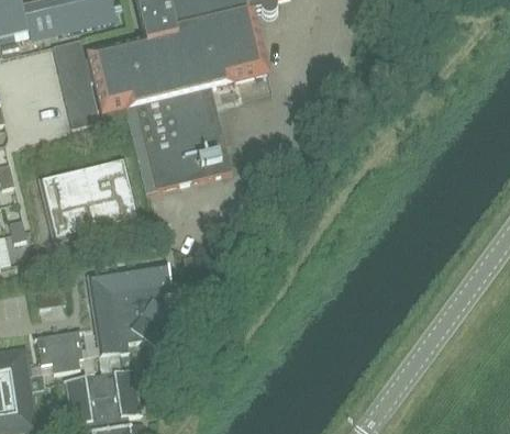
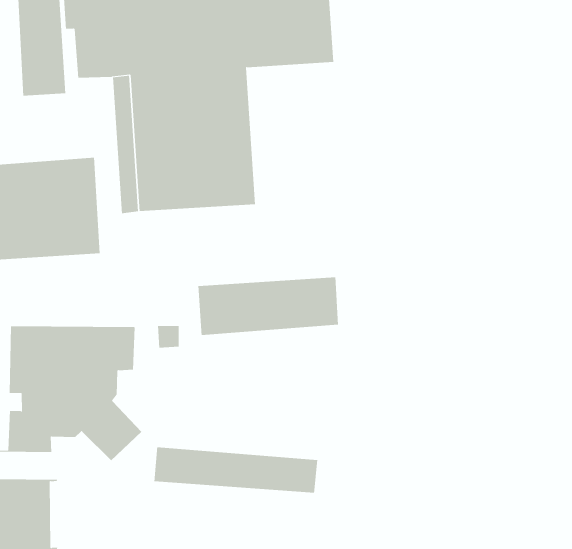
building: none -> [198,277,339,336]
building: none -> [154,446,318,494]

